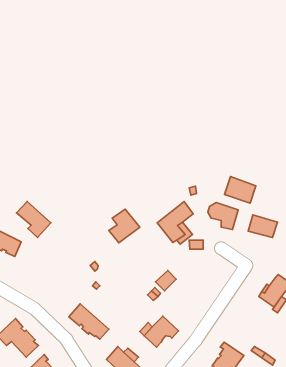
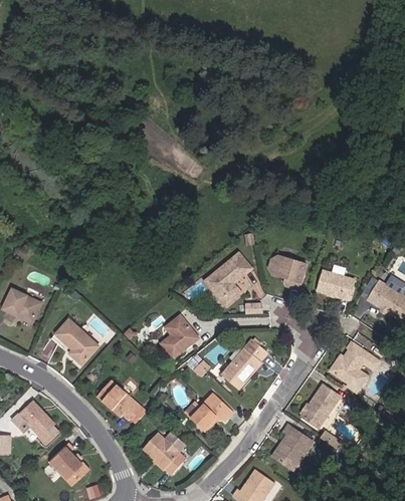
building: [224,176,256,203] -> none
building: [16,201,51,237] -> [54,319,96,363]
building: [109,209,140,243] -> [161,316,199,357]
building: none -> [221,340,267,391]
building: none -> [300,386,340,429]

